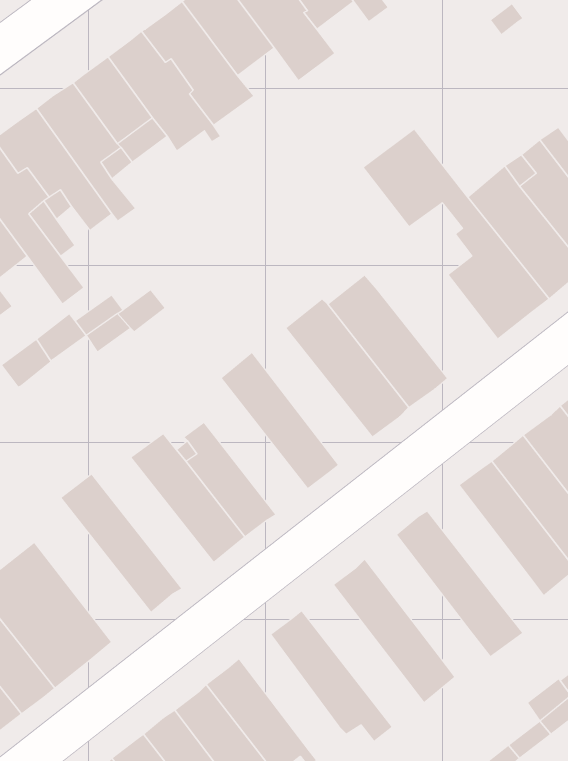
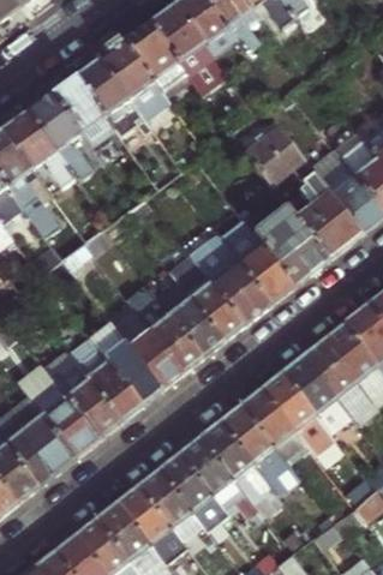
building: none -> [251,200,329,283]
building: none -> [169,251,247,340]
building: none -> [124,283,205,372]
building: none -> [70,335,144,420]
building: none -> [283,353,352,431]
building: none -> [17,358,103,455]
building: none -> [243,385,311,463]
building: none -> [202,418,287,517]
building: none -> [161,450,226,526]

